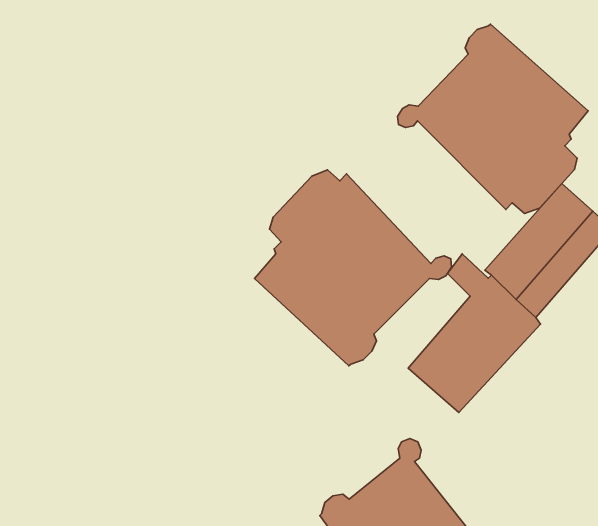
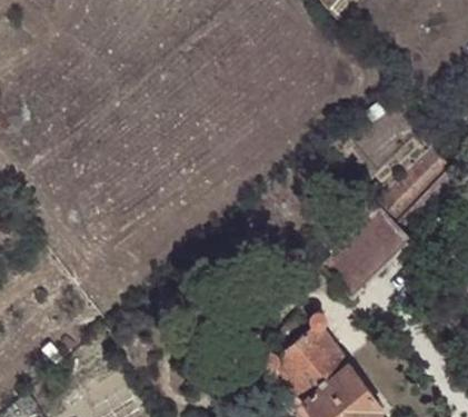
building: [397,24,588,214] -> none
building: [254,170,452,366] -> none

